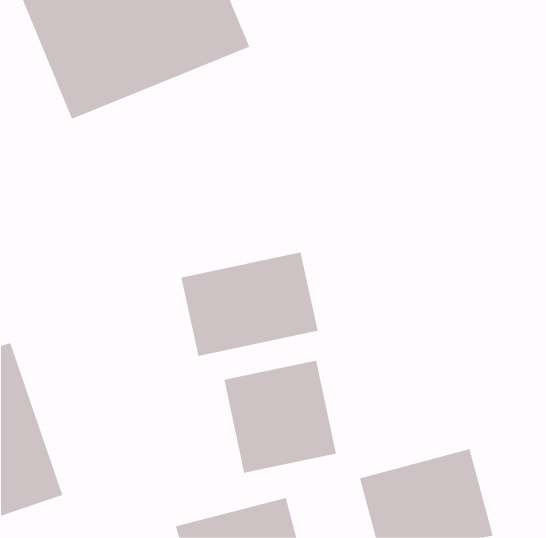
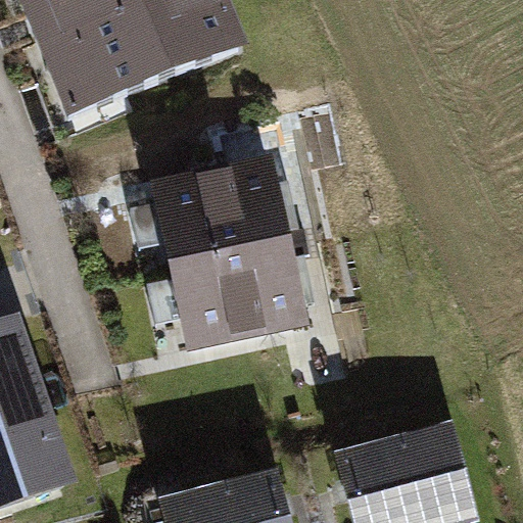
building: none -> [156,163,288,266]
building: [224,360,336,473] -> none

